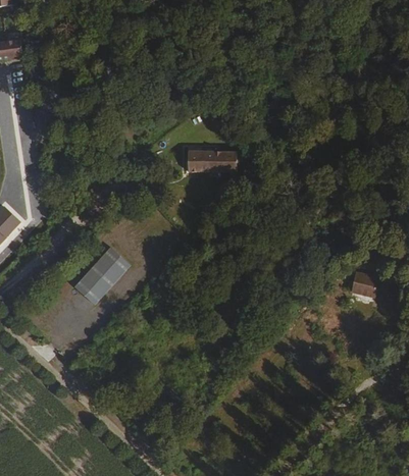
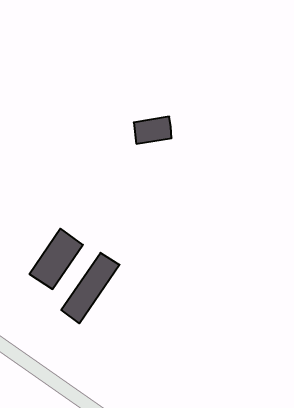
building: none -> [61,253,120,323]

